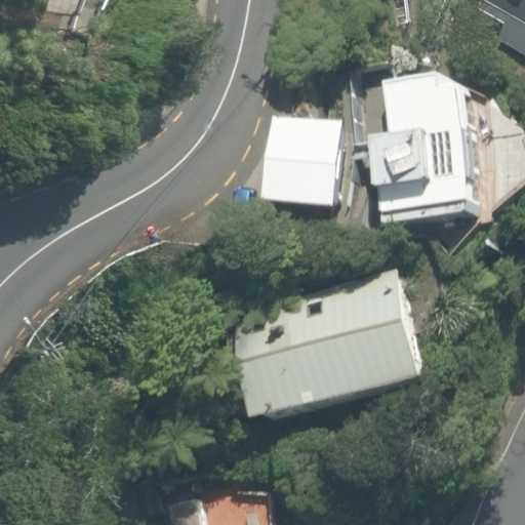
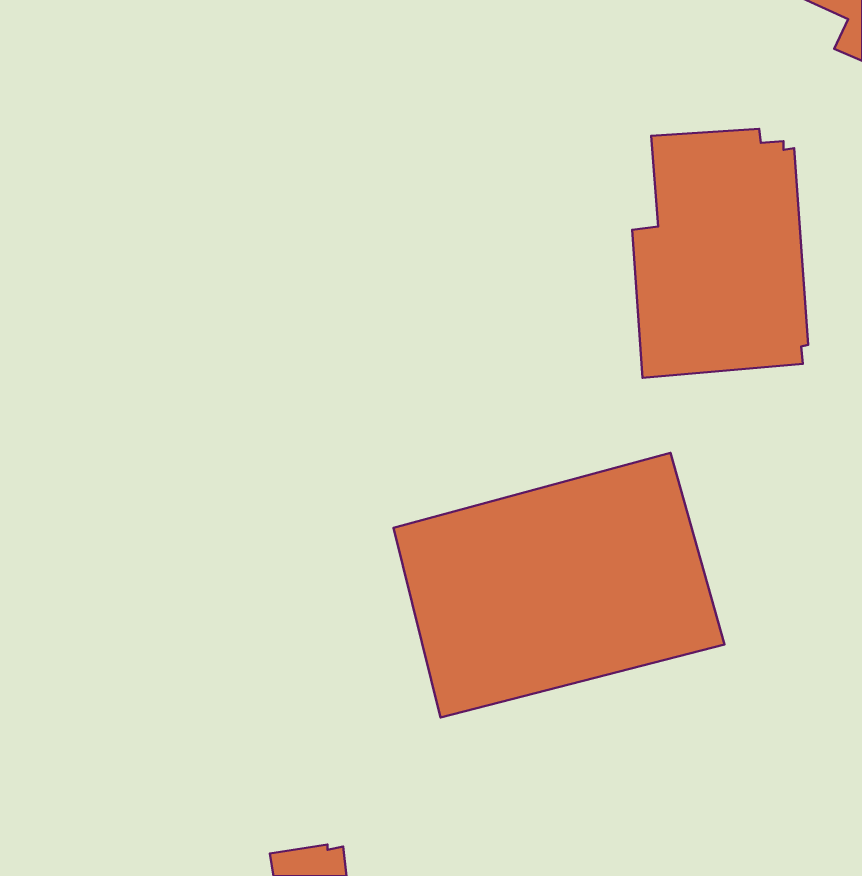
building: [258,115,354,208] -> none

